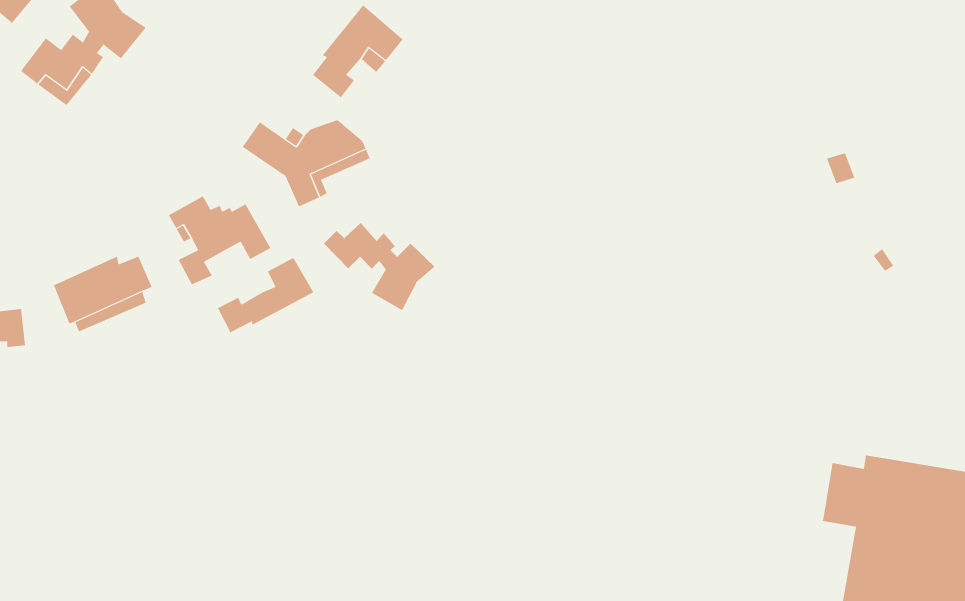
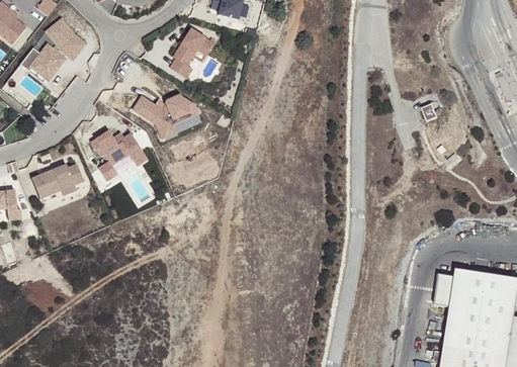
building: [323,222,435,311] -> none
building: [217,257,314,333] -> none

